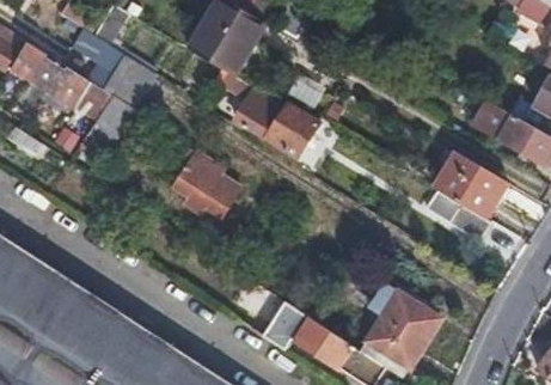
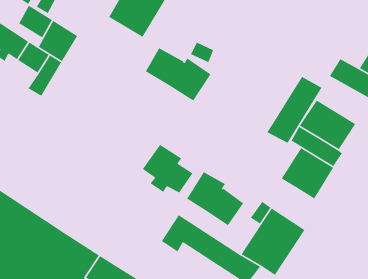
building: none -> [266,76,323,144]
building: [185,159,251,222] -> [142,144,193,194]
building: none -> [281,147,334,200]
building: none -> [186,171,244,226]

